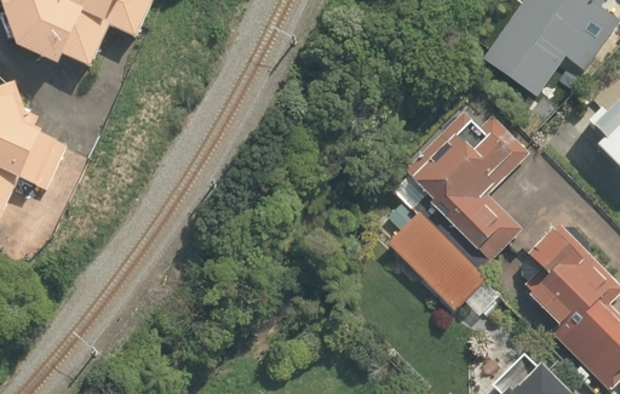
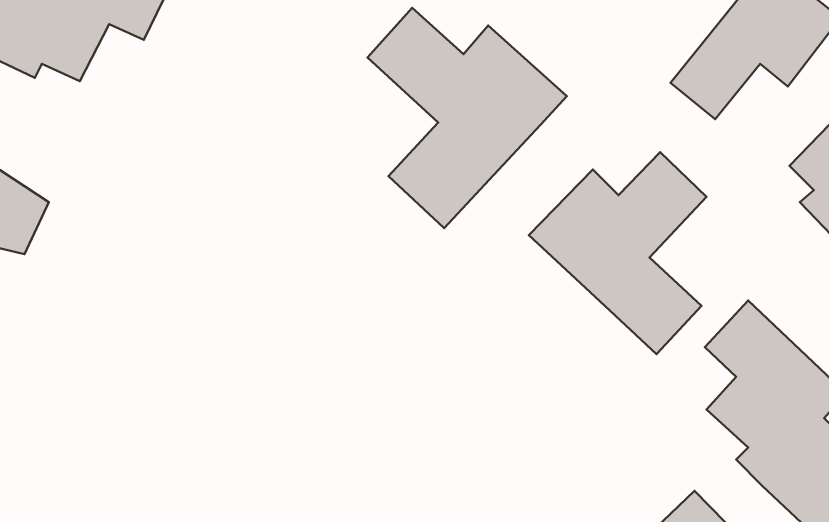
building: none -> [367,8,567,228]
building: [383,209,484,312] -> none

